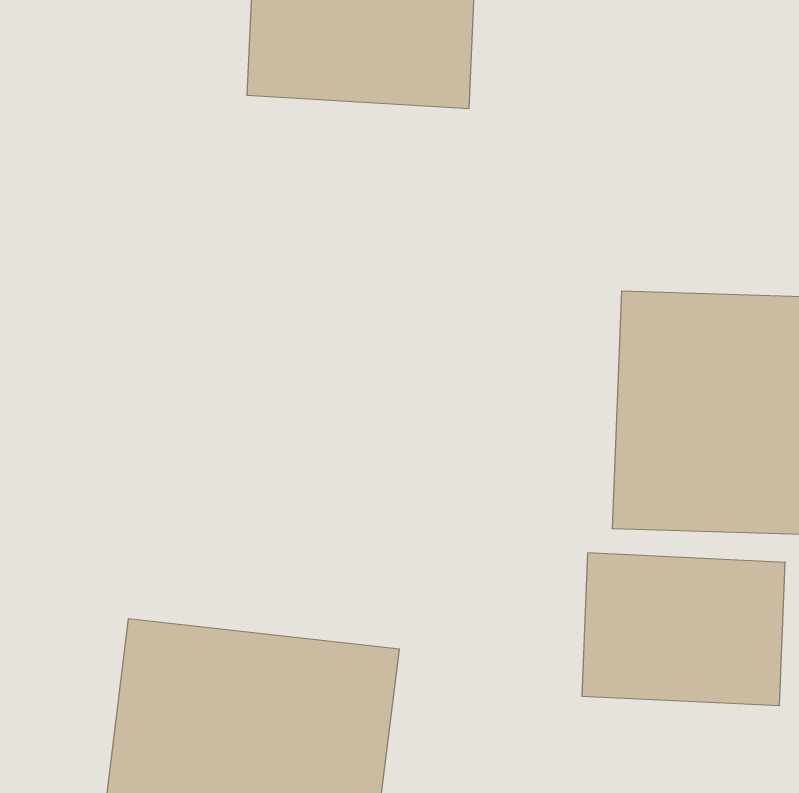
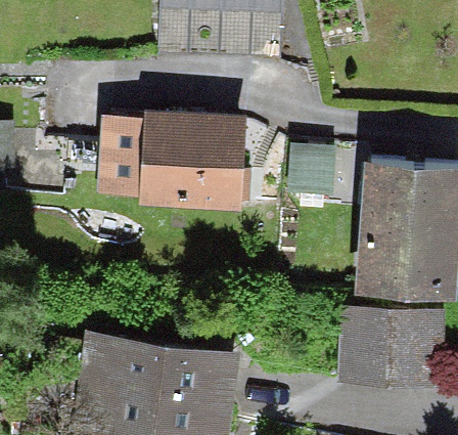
building: none -> [100,107,251,207]

